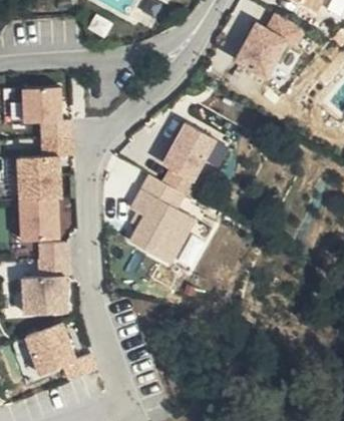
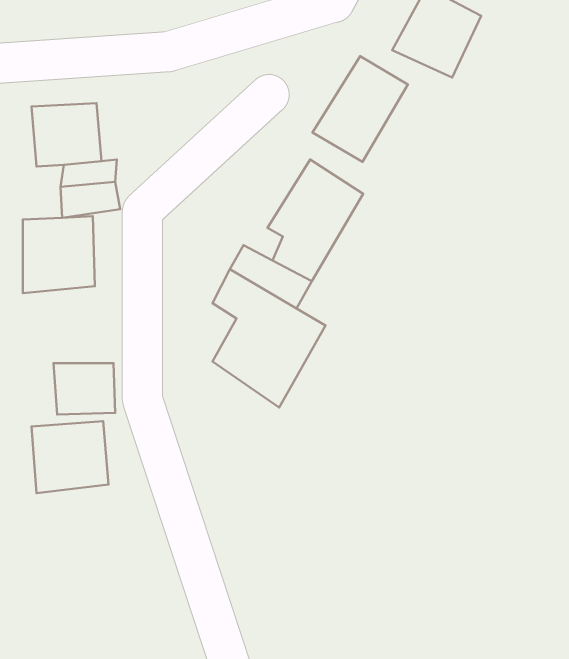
building: none -> [312,56,408,162]
building: [18,196,60,243] -> none
building: [22,325,77,377] -> none

